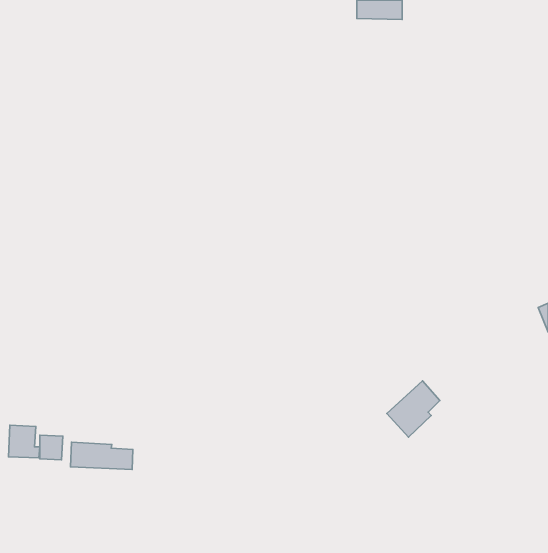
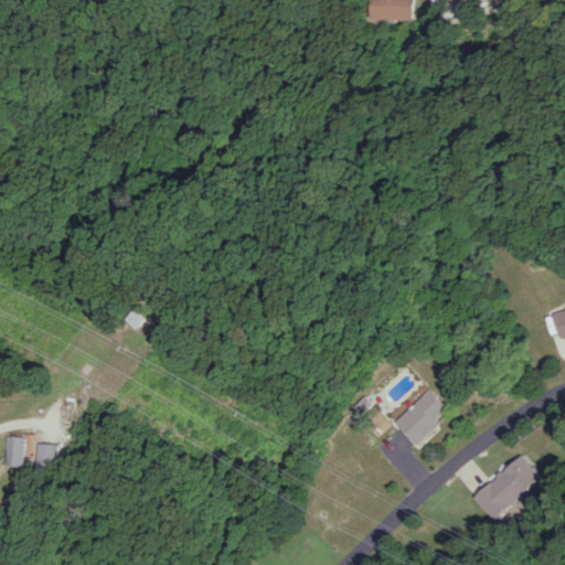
building: [70,442,133,470] -> none
building: none -> [469,455,543,519]

